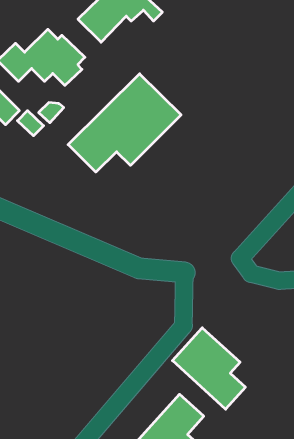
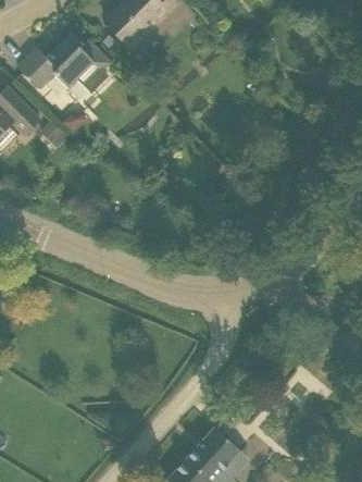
building: [68,74,181,172] -> none
building: [172,328,245,409] -> none

